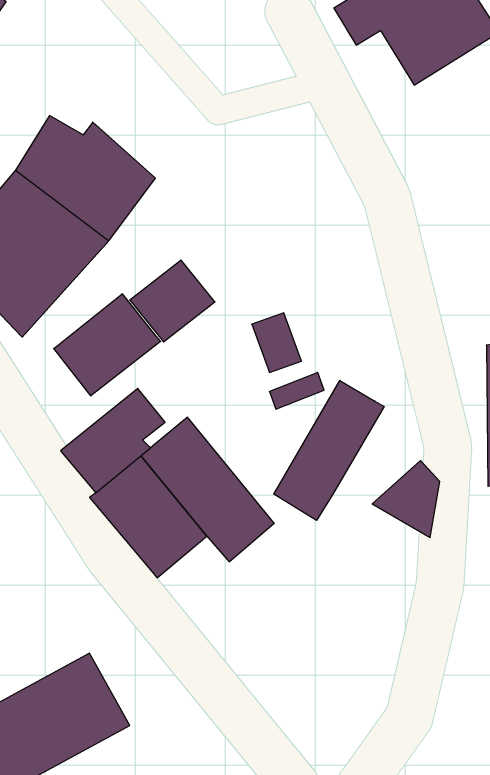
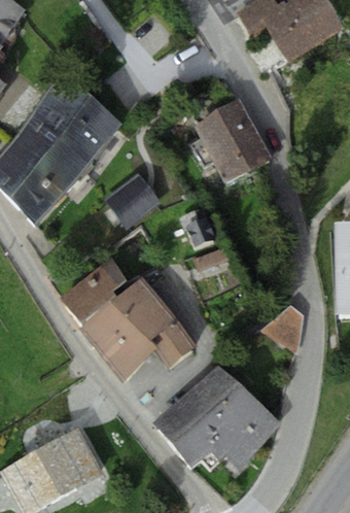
building: none -> [194,99,272,181]
building: [54,294,161,396] -> none
building: [274,380,384,520] -> none
building: none -> [153,361,281,467]

